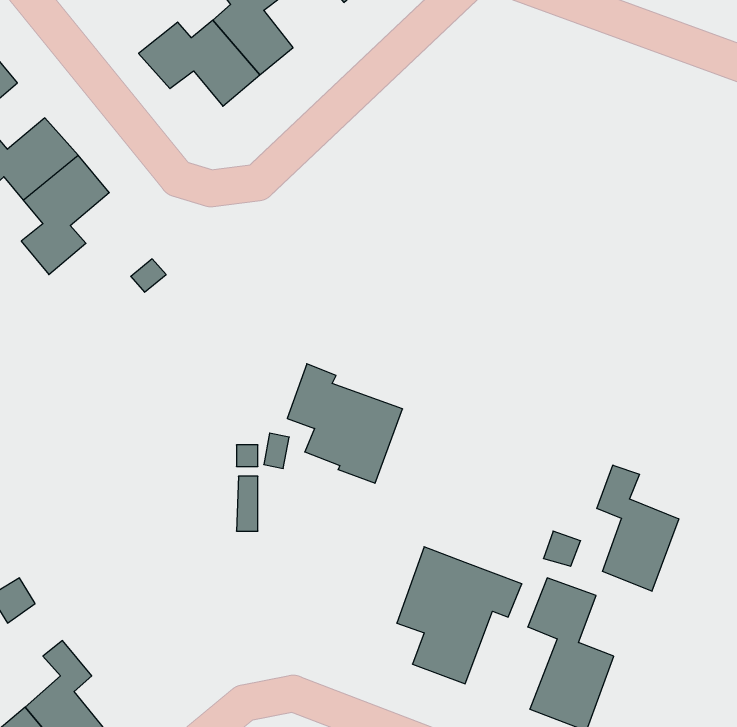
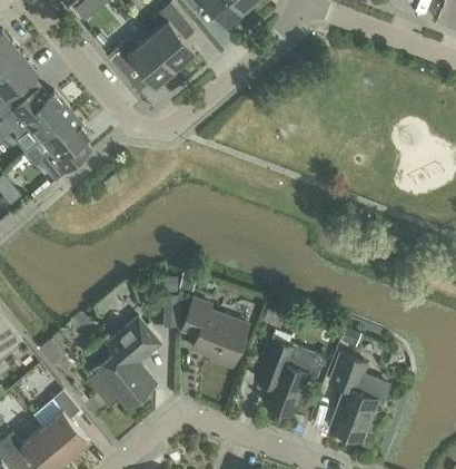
building: [287,364,403,483] -> [181,300,247,368]
building: [597,465,679,591] -> none
building: none -> [87,319,160,409]

